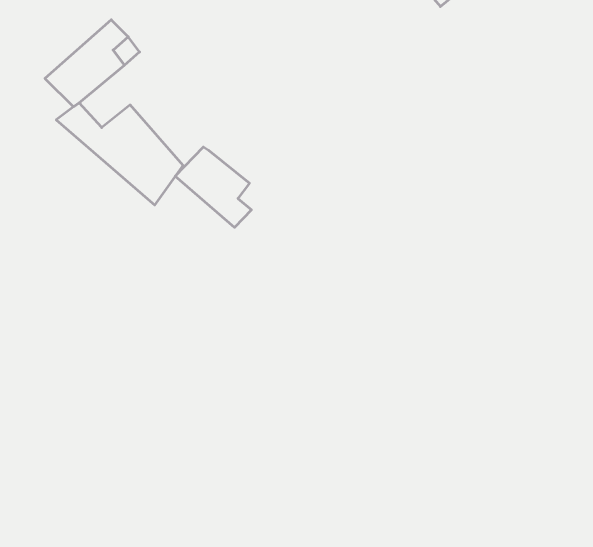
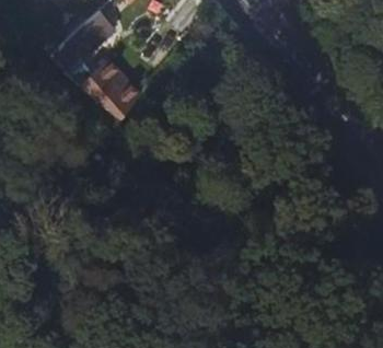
building: [175,147,251,227] -> none

